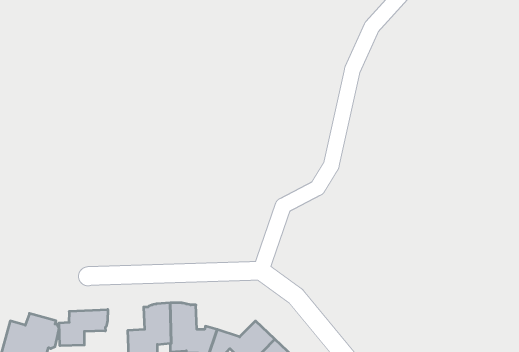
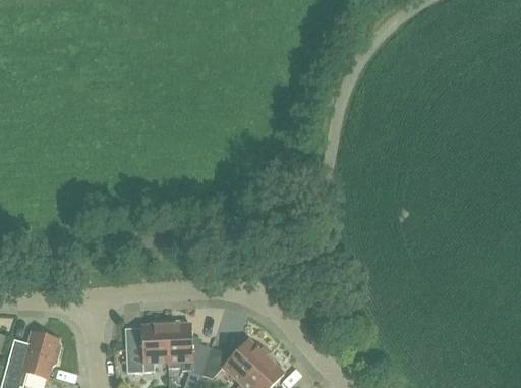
building: [59,309,108,346] -> none

